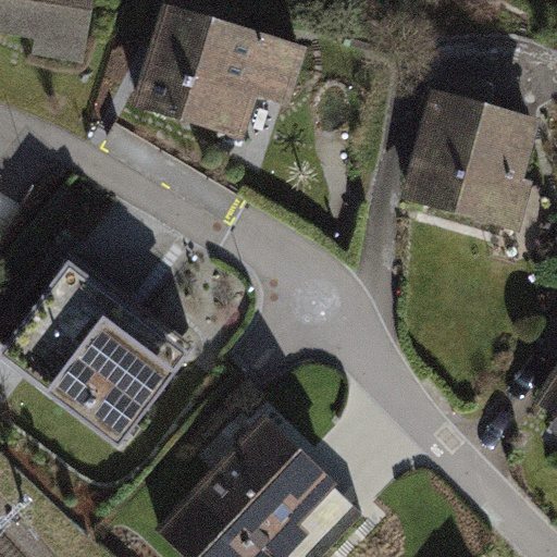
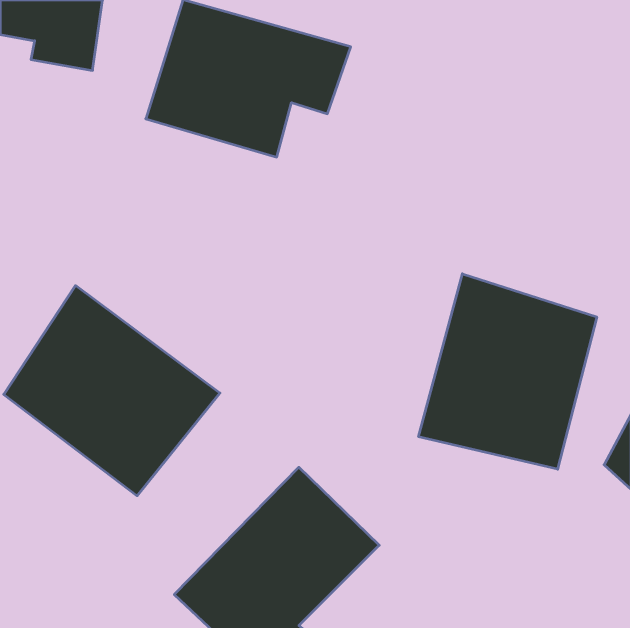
building: [403,87,543,232] -> none
building: none -> [419,274,597,469]

